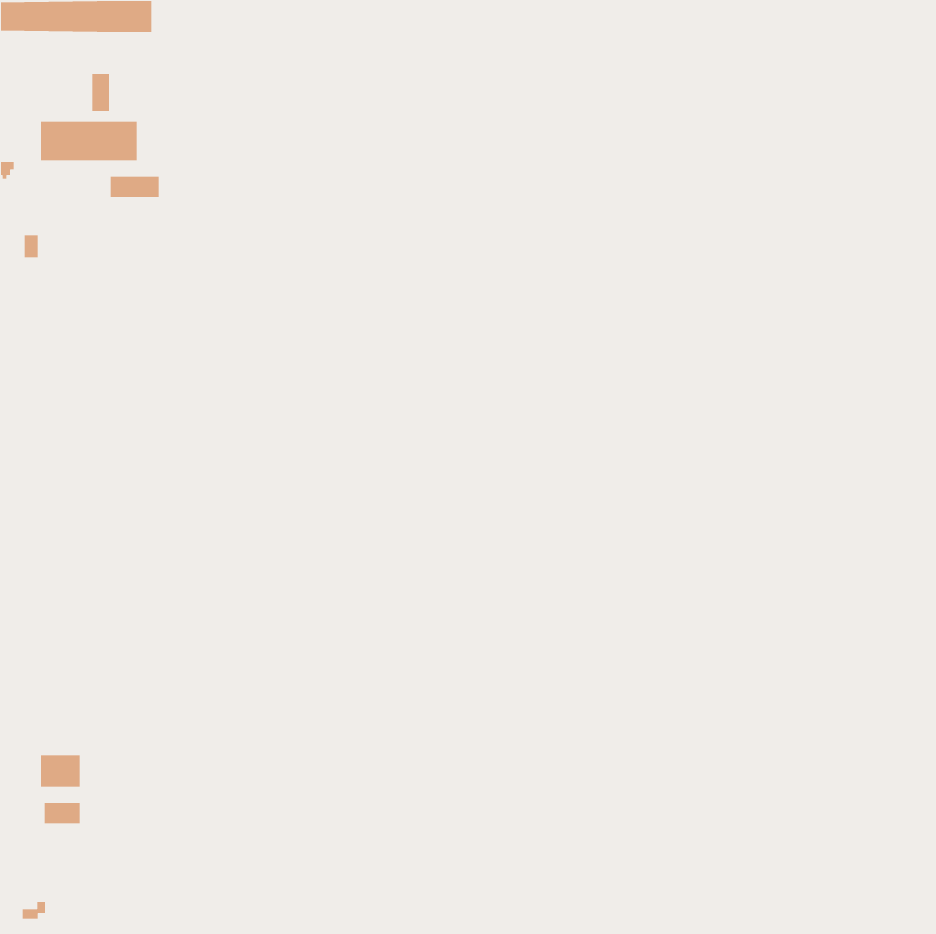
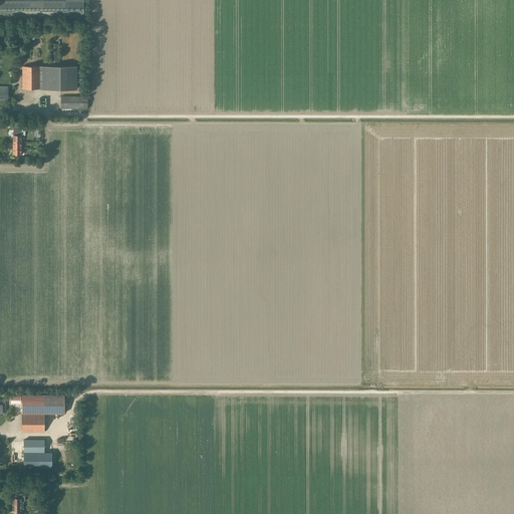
building: none -> [22,396,64,414]
building: none -> [24,453,52,468]

